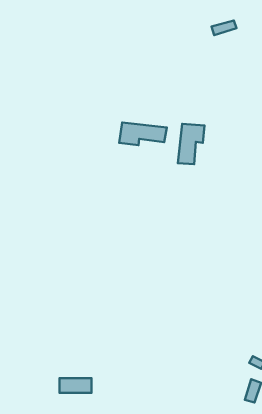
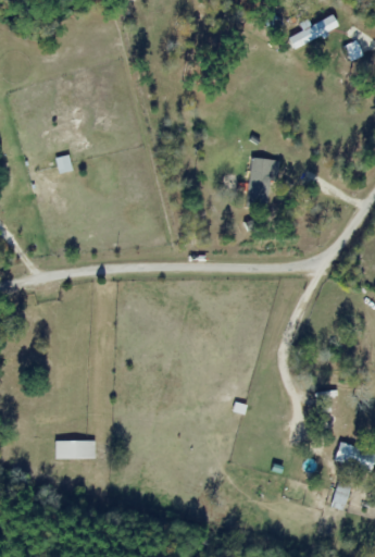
building: [119,123,167,145] -> none
building: [60,378,91,393] -> [54,440,95,458]

